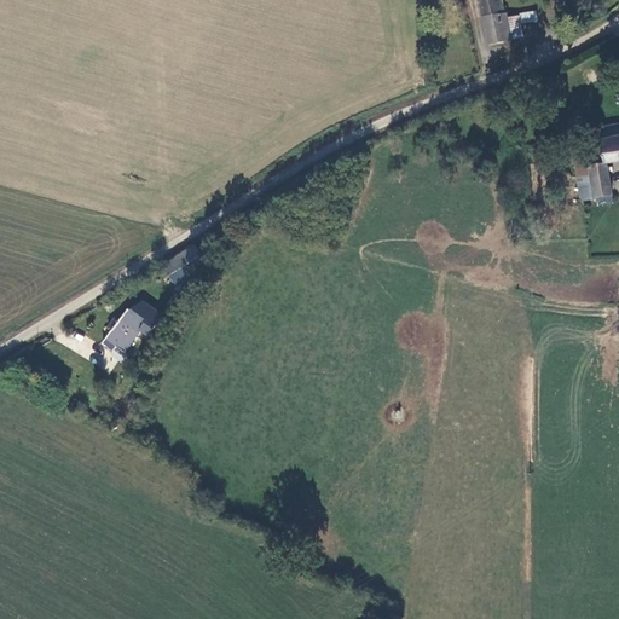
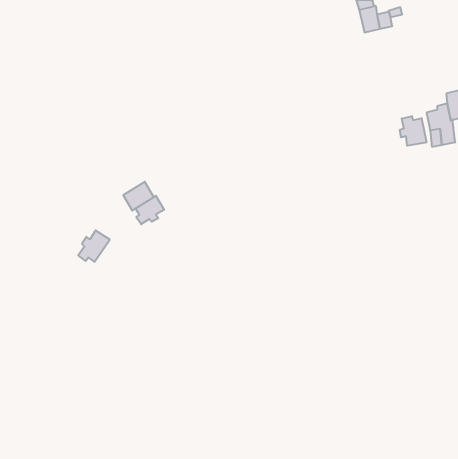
building: none -> [400,116,426,146]
building: none -> [135,196,164,224]

